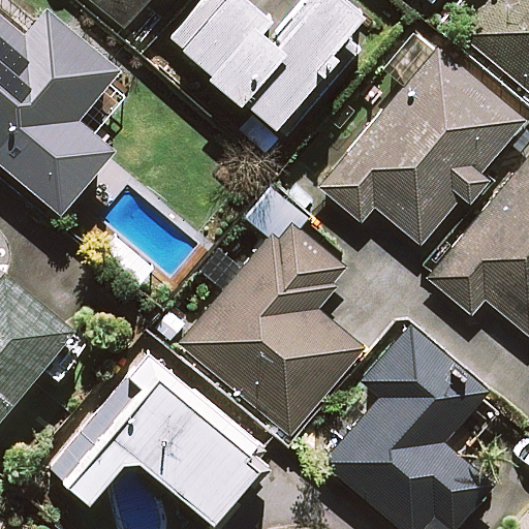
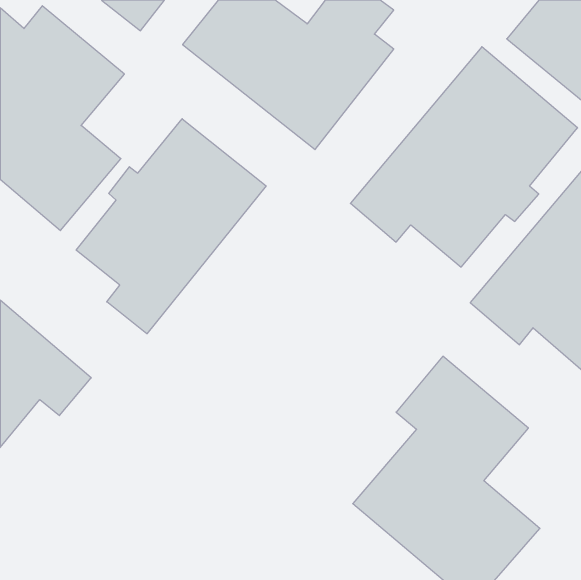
building: none -> [76,119,266,334]
building: [179,218,362,438] -> none
building: [50,360,258,518] -> none

